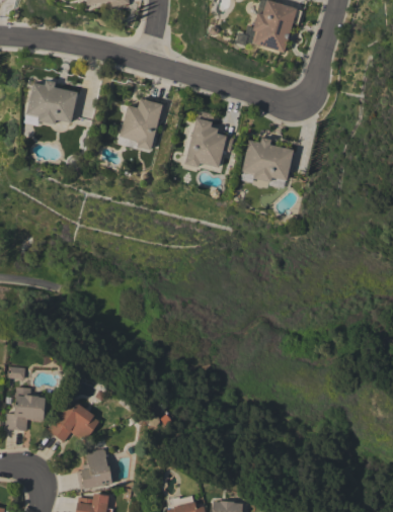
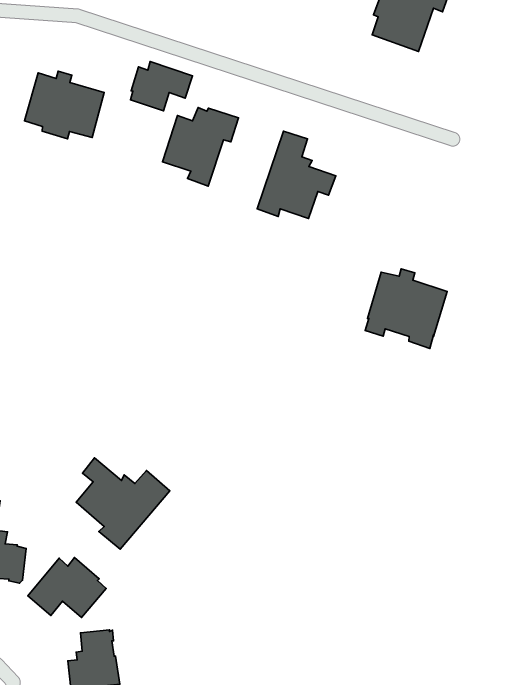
building: none -> [131,61,192,111]
building: [240,138,293,189] -> [365,269,447,348]
building: none -> [76,458,170,549]

